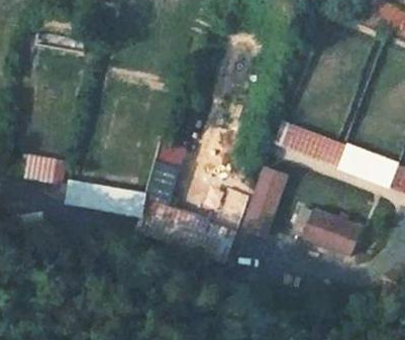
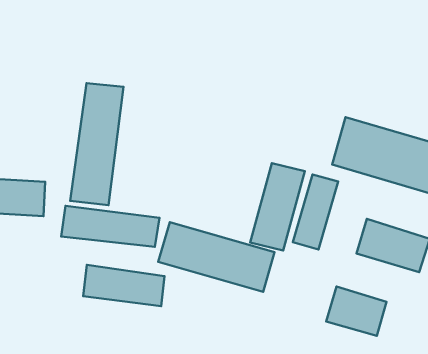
building: none -> [70,83,124,205]
building: none -> [83,265,164,306]
building: none -> [326,287,387,336]

